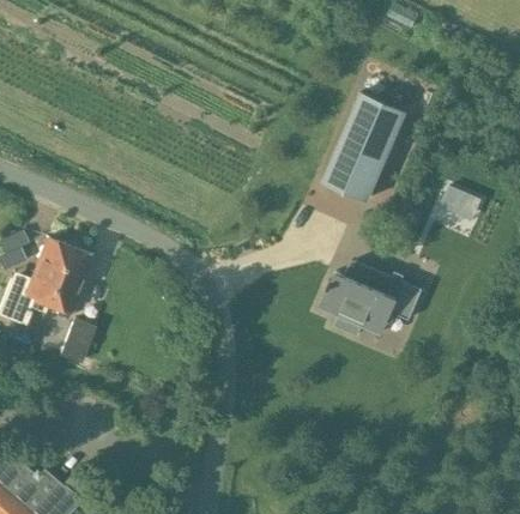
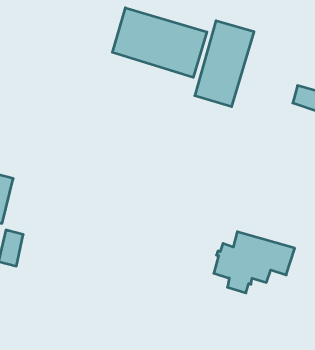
building: none -> [112,8,207,77]
building: [321,261,423,337] -> [214,232,295,293]

